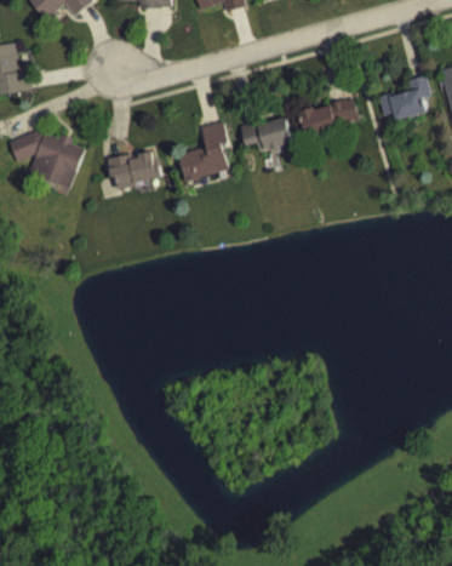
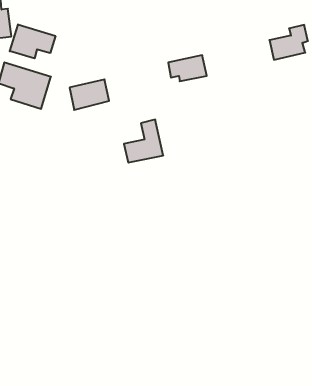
building: none -> [10,24,55,58]
building: [299,95,359,136] -> none
building: [177,121,230,179] -> [124,120,163,163]

